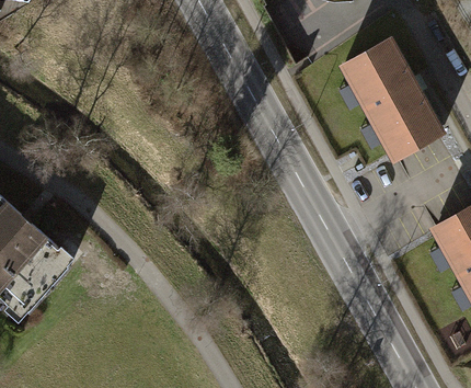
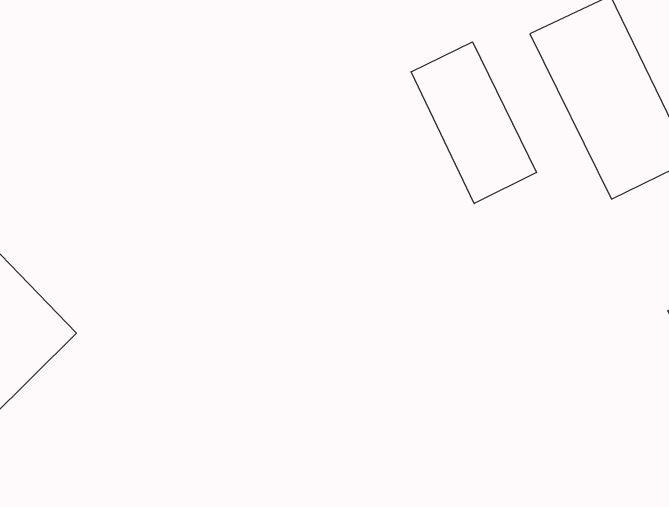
building: none -> [411,42,536,204]

